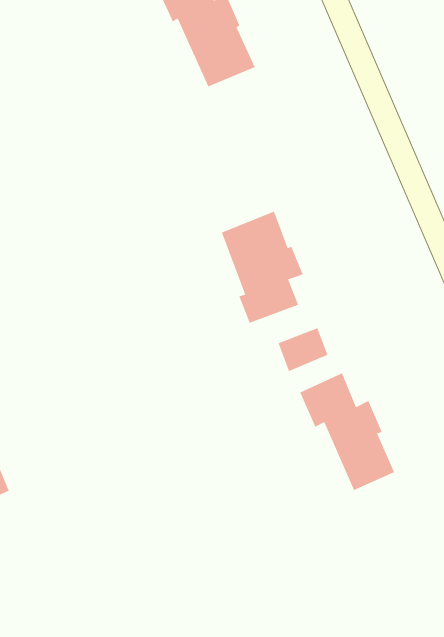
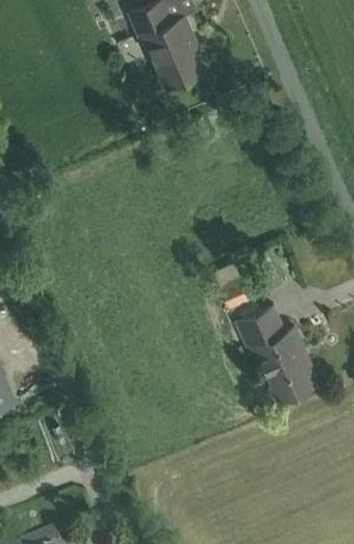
building: [221,210,304,324] -> none

